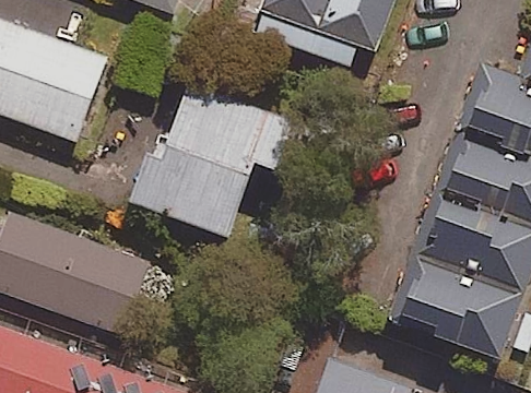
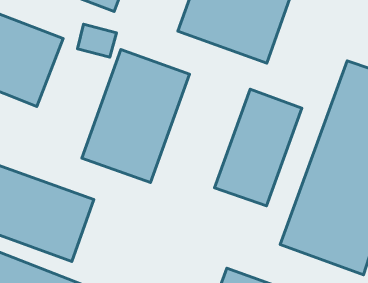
building: none -> [215,89,302,206]

